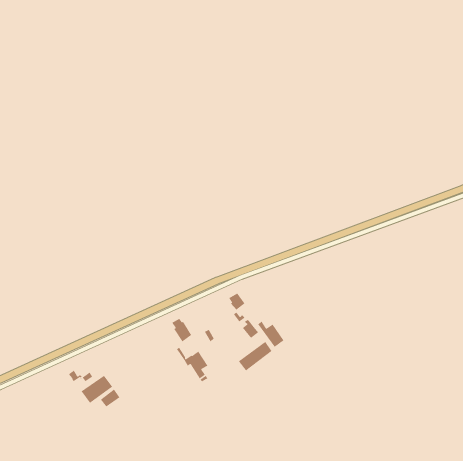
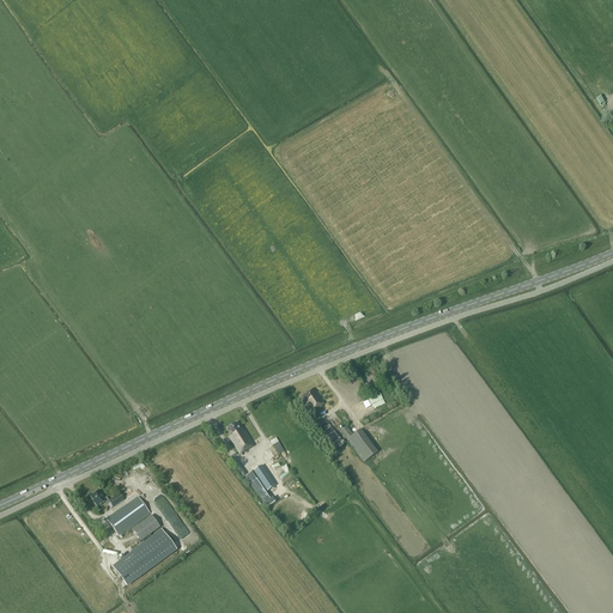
building: [238,341,273,372] -> none
building: none -> [113,528,176,583]

